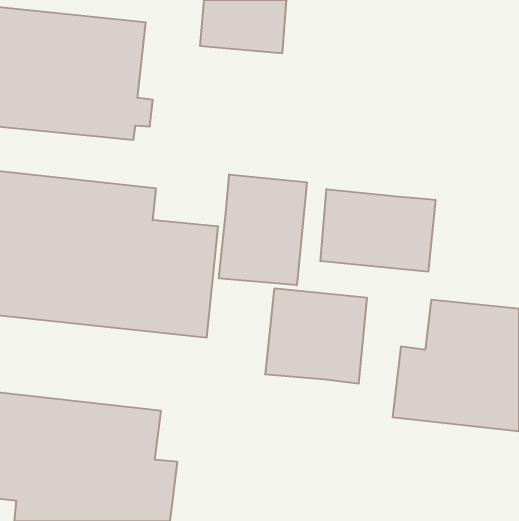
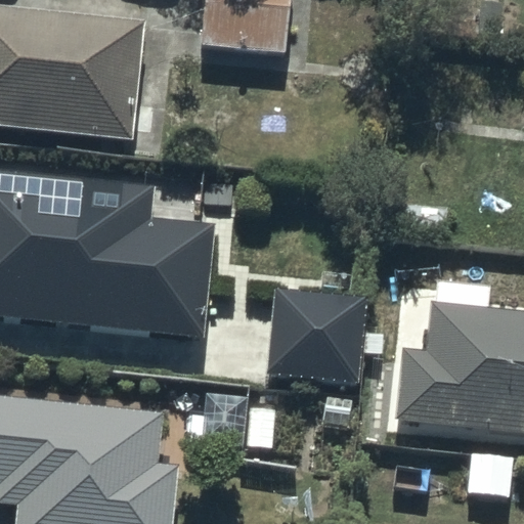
building: [219,174,307,285] -> none
building: [320,189,435,272] -> none

